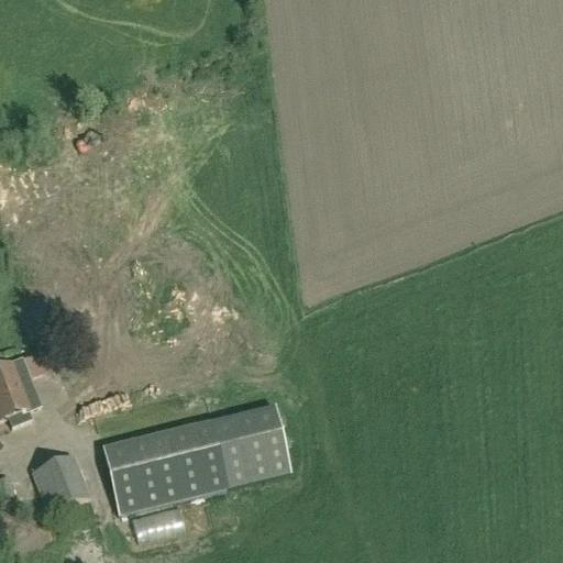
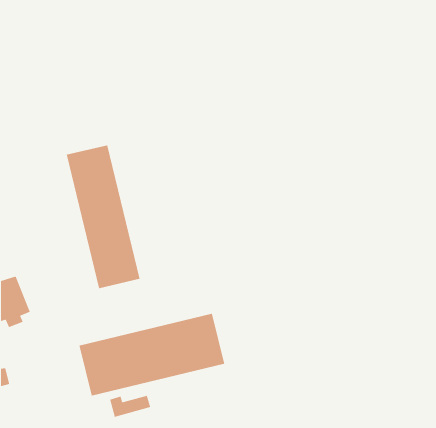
building: none -> [66,144,141,289]
building: [31,453,89,510] -> none

